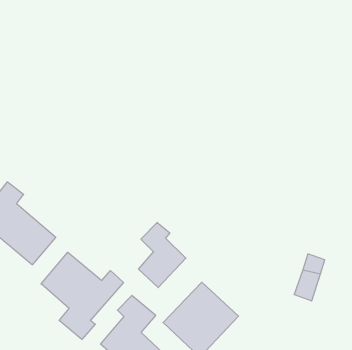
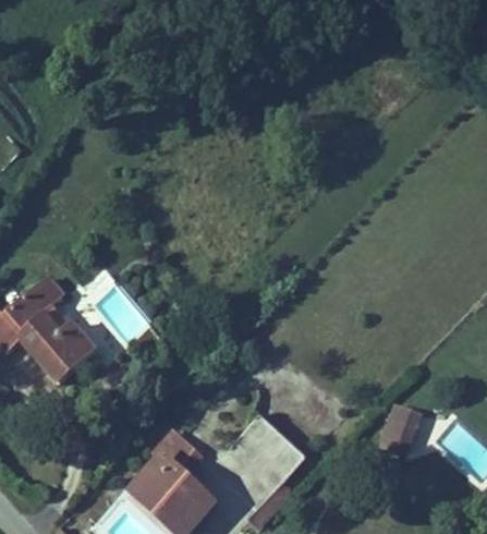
building: [139,222,186,288] -> none
building: [41,252,123,339] -> none

